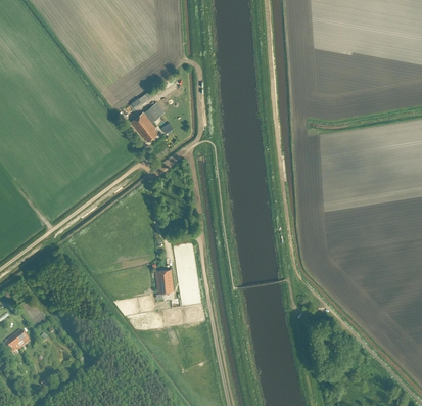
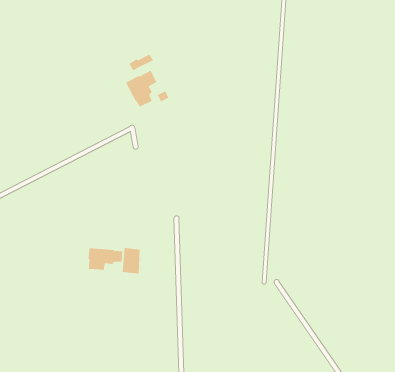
building: none -> [88,248,123,271]

